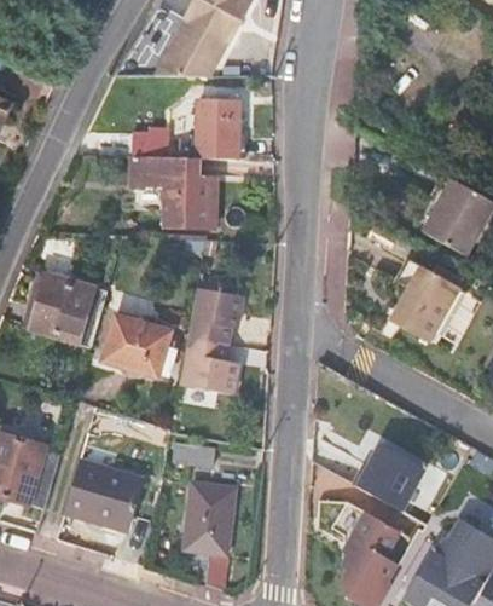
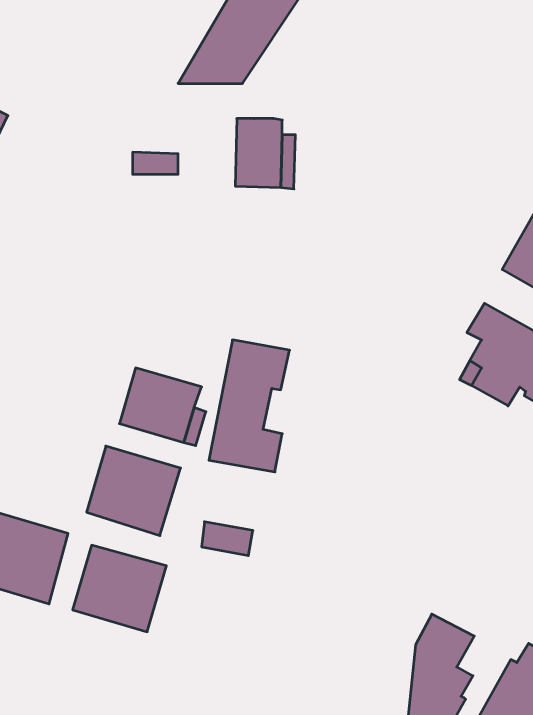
building: [128,158,219,227] -> none
building: [33,272,110,346] -> [87,446,181,536]
building: [350,443,422,510] -> none
building: [184,481,233,589] -> none

